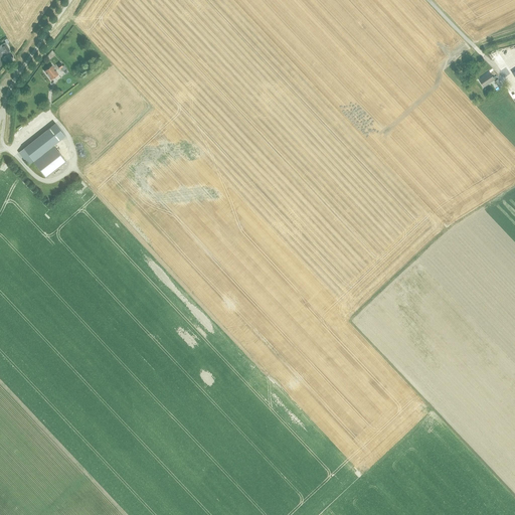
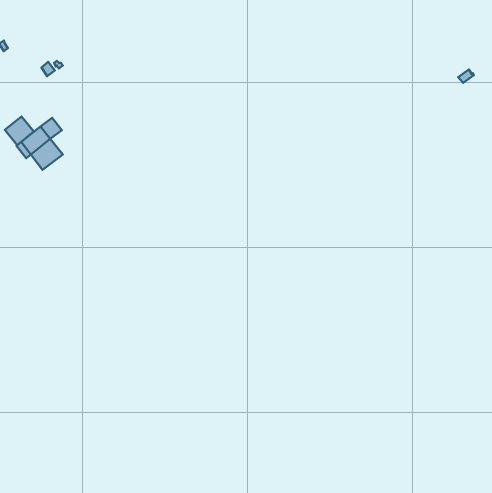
building: none -> [5,116,34,145]

